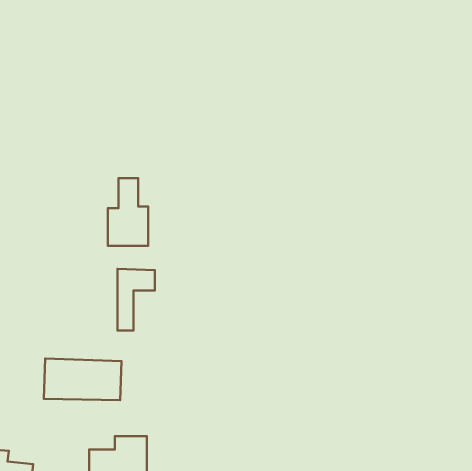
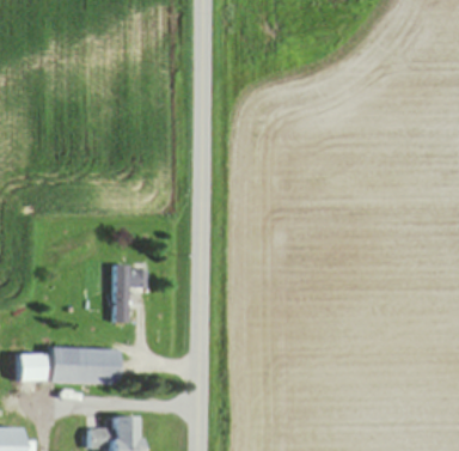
building: [108,178,148,246] -> none
building: none -> [14,354,41,380]

